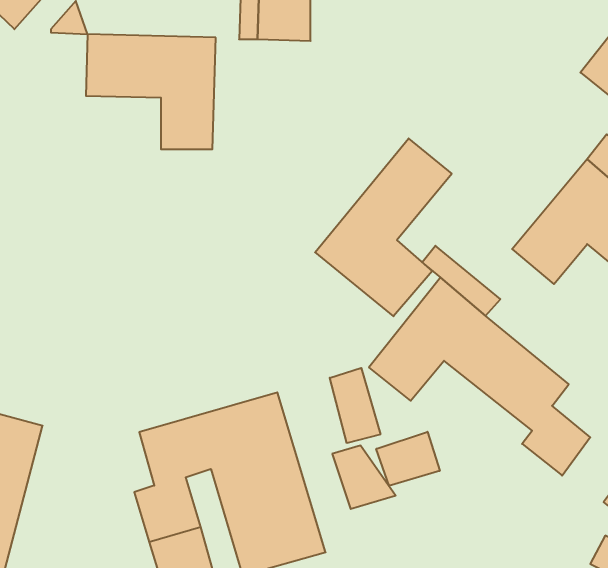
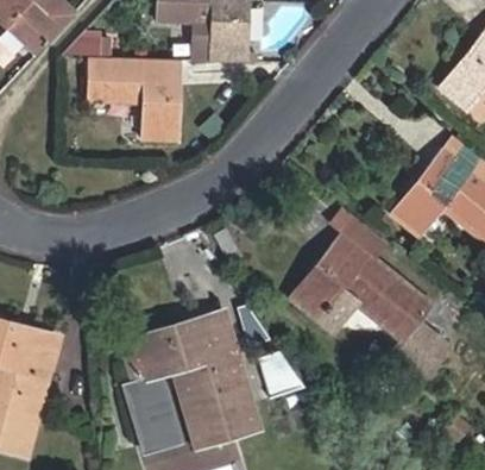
building: [315,138,452,316] -> none
building: [330,368,380,443] -> none
building: [376,432,440,486] -> none

